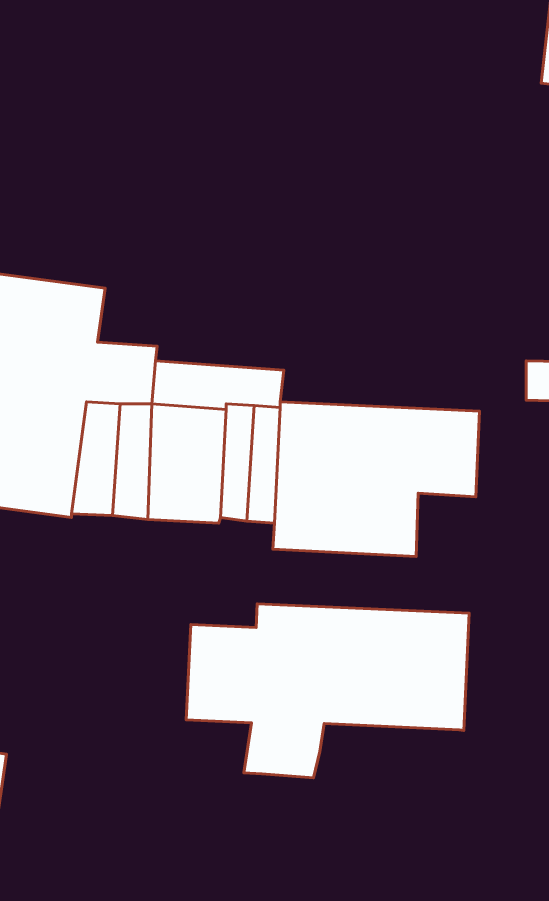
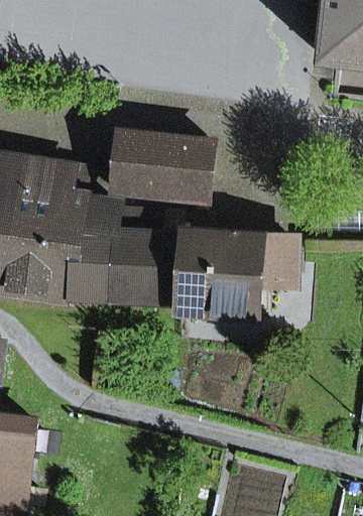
building: none -> [115,135,215,203]
building: [186,604,469,778] -> none

